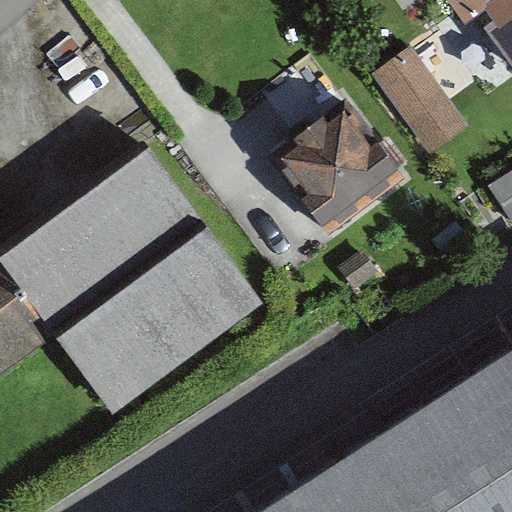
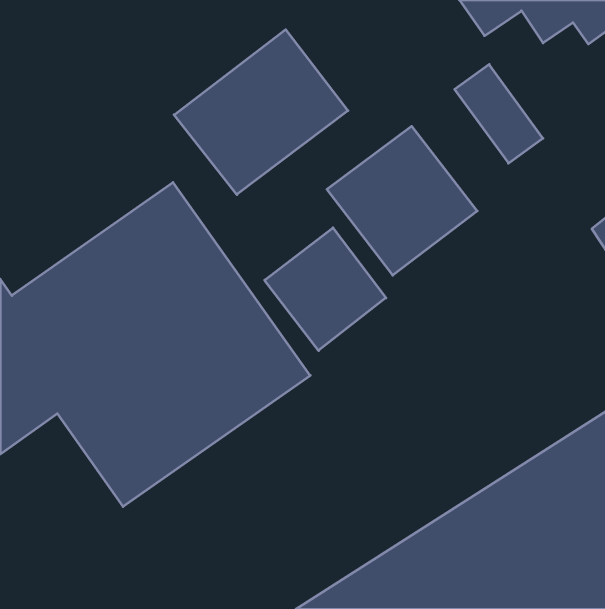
building: none -> [174,30,348,195]
building: none -> [265,228,386,351]

